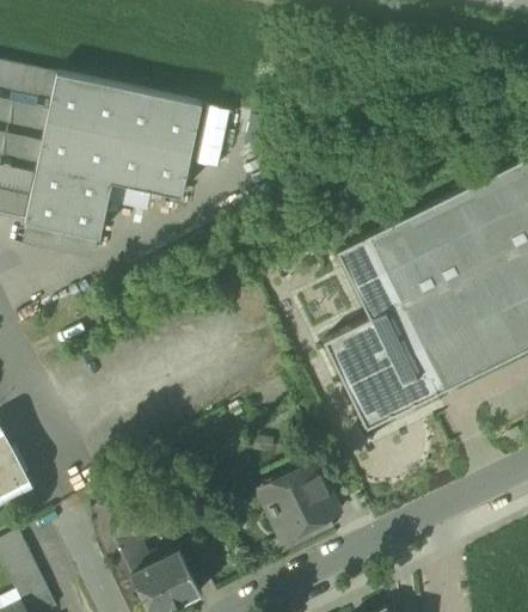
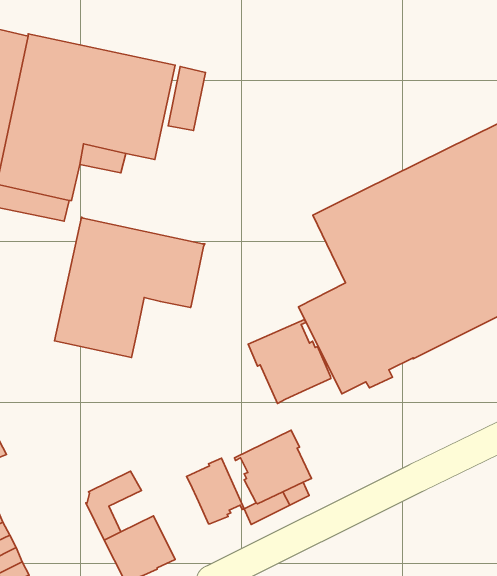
building: none -> [54,217,205,357]
building: none -> [248,319,331,403]
building: none -> [186,458,244,524]

